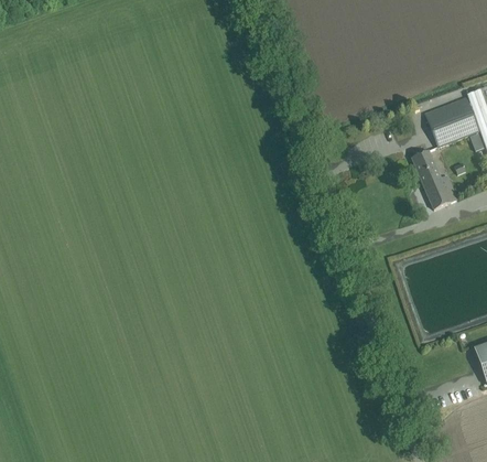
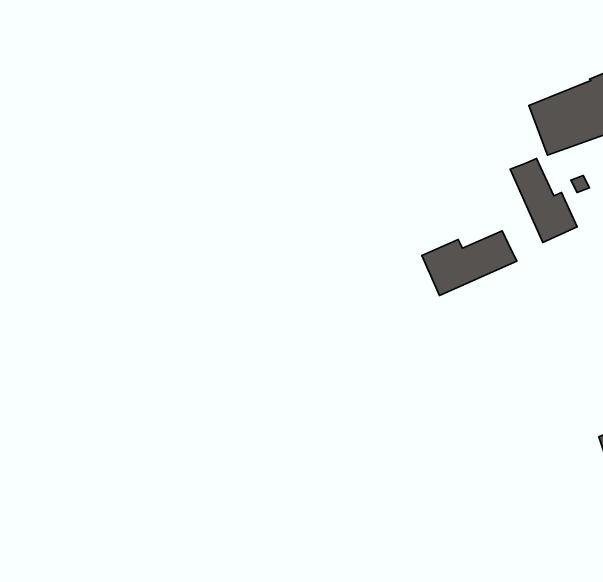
building: none -> [422,231,517,296]

